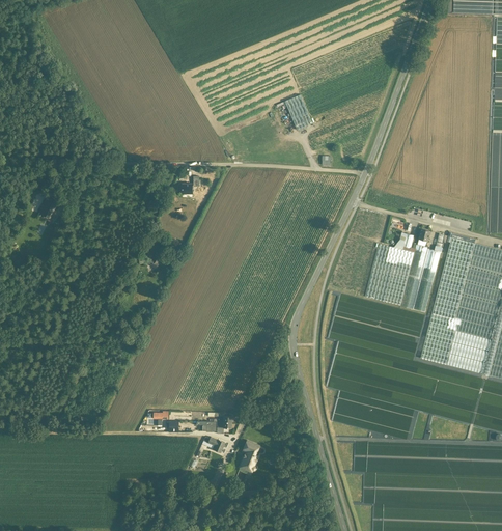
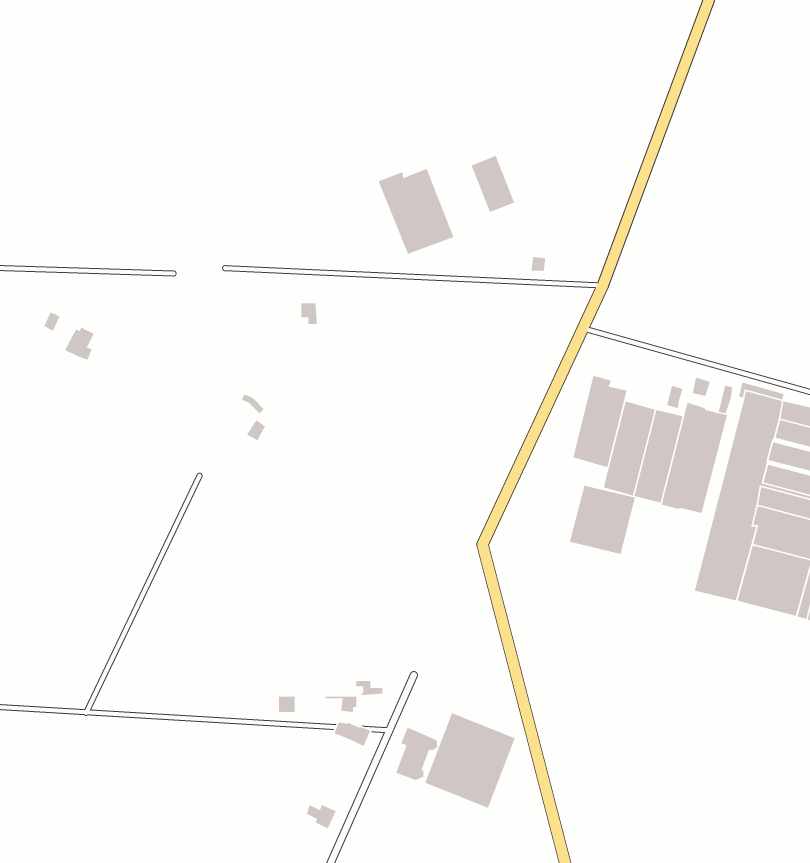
building: none -> [377,168,455,255]
building: none -> [572,375,628,468]
building: none -> [569,485,636,555]
building: none -> [424,712,516,809]

